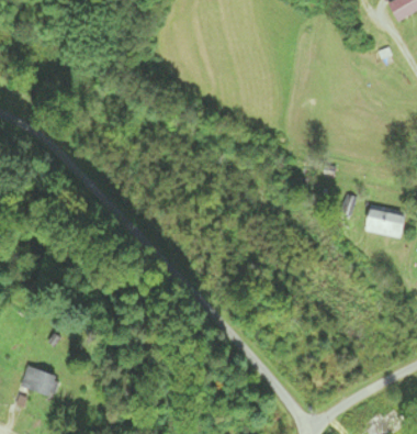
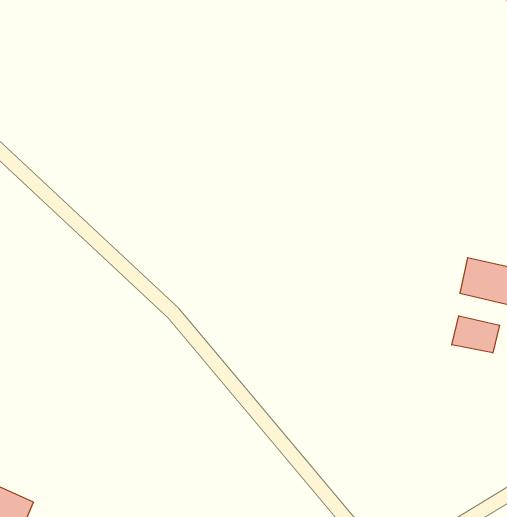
building: none -> [452,316,499,353]

